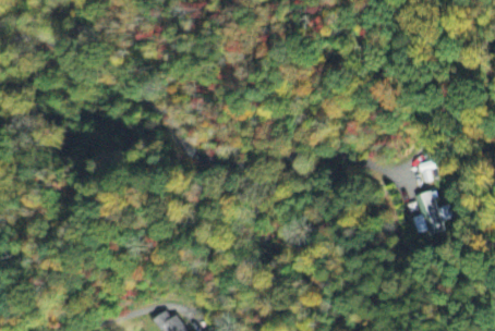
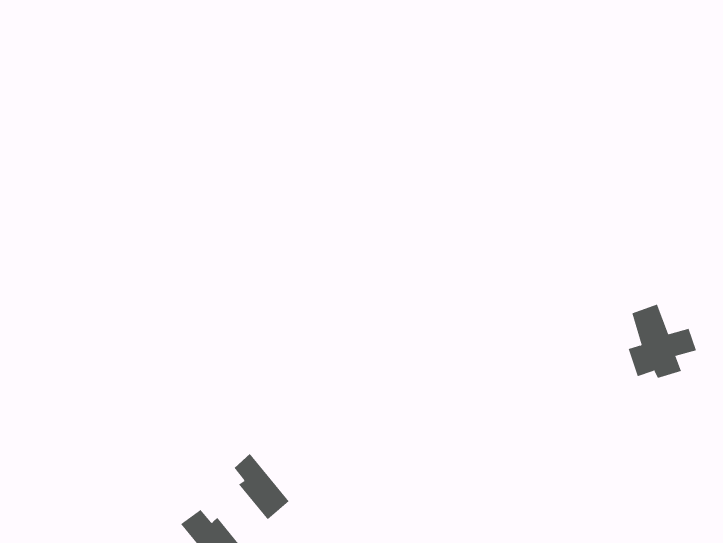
building: none -> [234,453,289,520]

